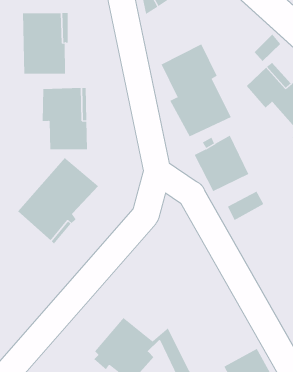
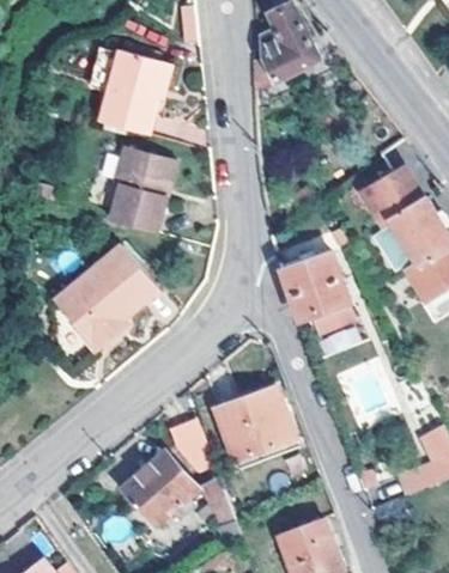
building: [161,44,231,137] -> none
building: none -> [222,385,299,458]
building: none -> [169,414,214,474]

